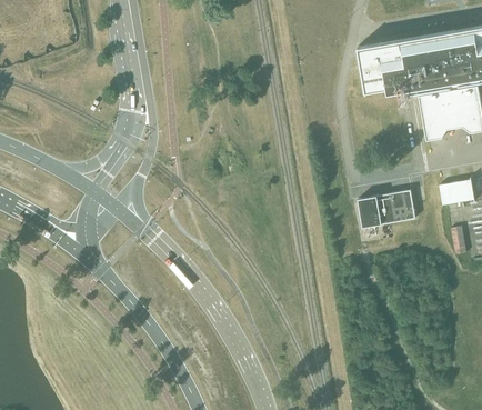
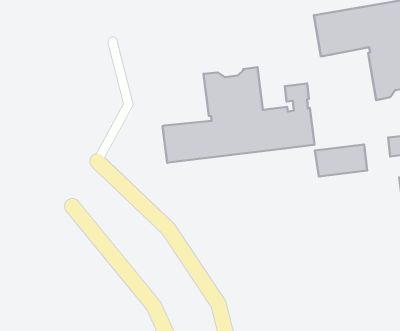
building: none -> [163,67,314,163]

